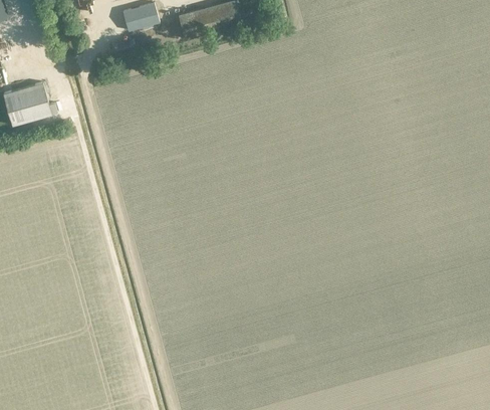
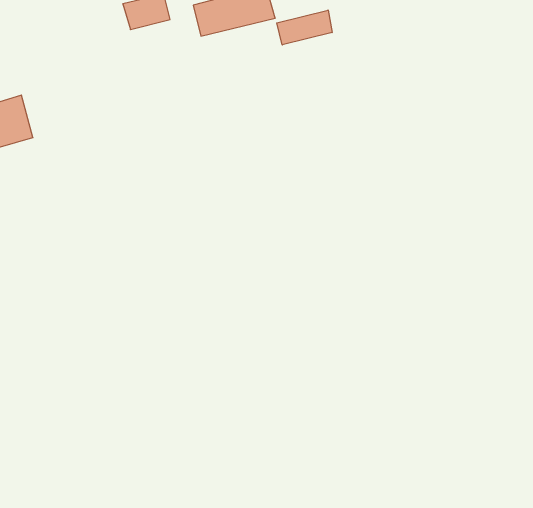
building: none -> [277,10,332,45]

